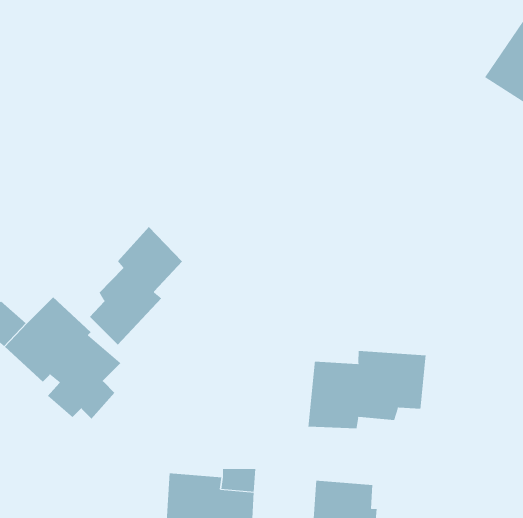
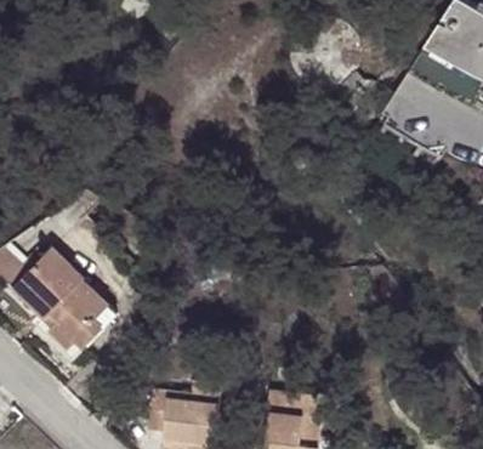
building: [89,226,183,346] -> none
building: [308,350,426,429] -> none

